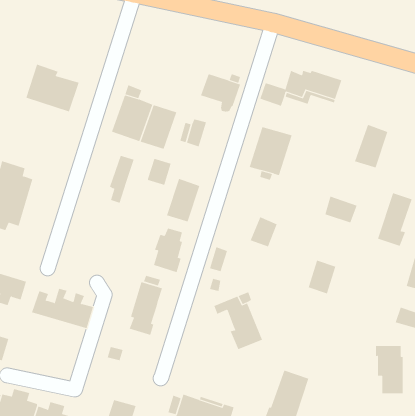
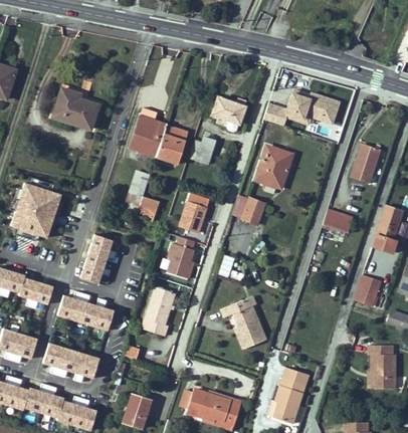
building: [147,158,171,186] -> [137,196,159,221]
building: [250,216,277,247] -> [241,197,266,225]
building: none -> [78,233,115,281]
building: [308,260,336,294] -> [356,275,382,306]
building: none -> [41,344,97,382]

